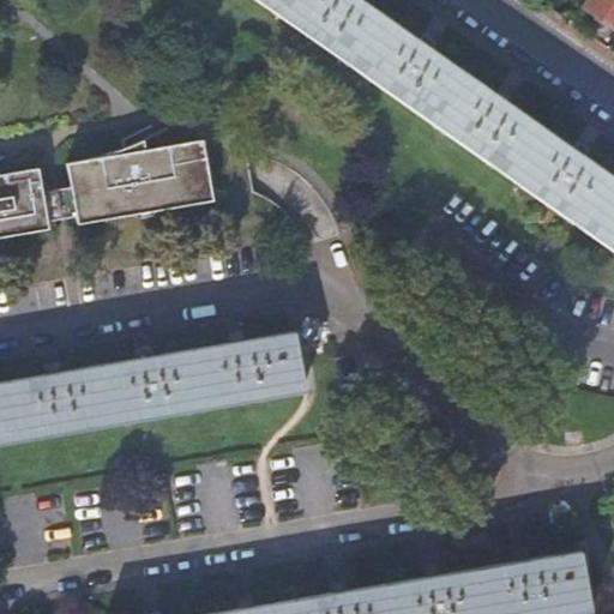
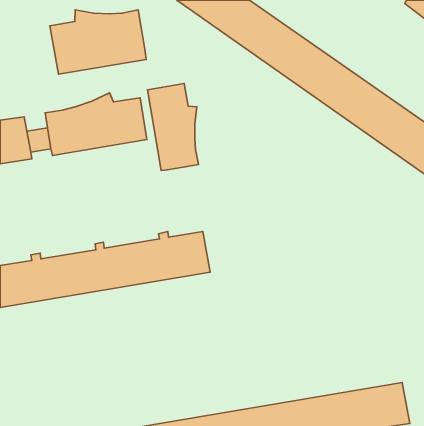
building: none -> [50,10,146,74]
building: none -> [148,84,198,170]

